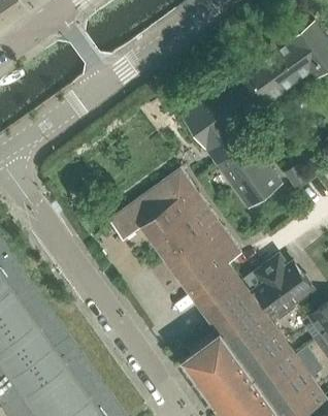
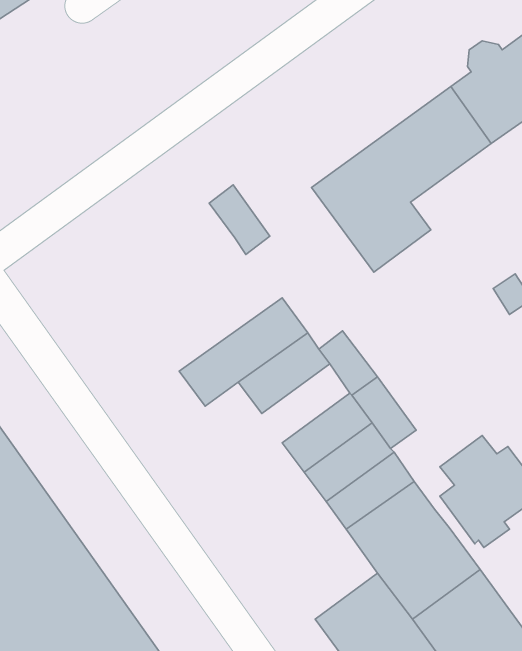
building: [218,141,281,209] -> none
building: [166,169,200,209] -> [209,185,270,254]
building: [155,217,204,261] -> none

